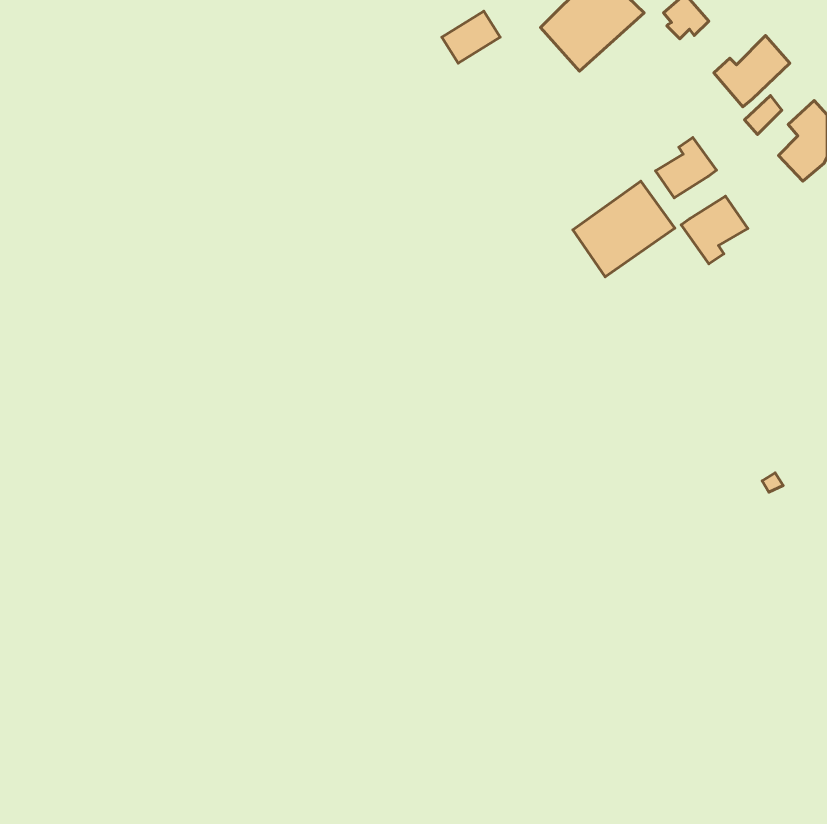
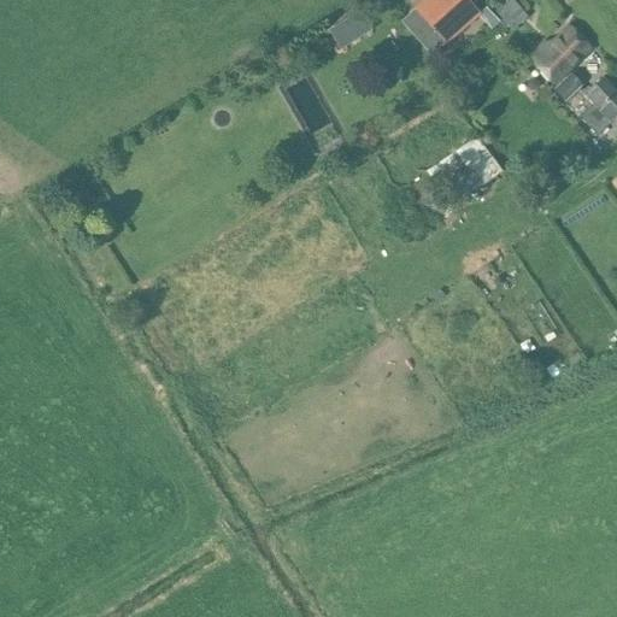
building: [655,138,716,198] -> none
building: [681,196,748,264] -> none

